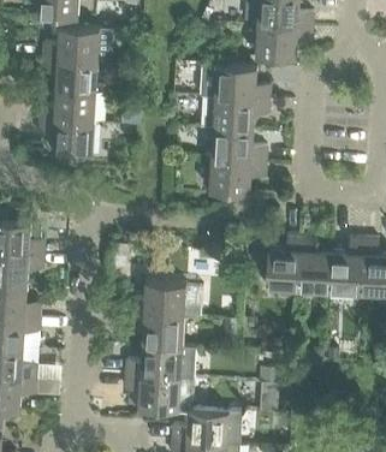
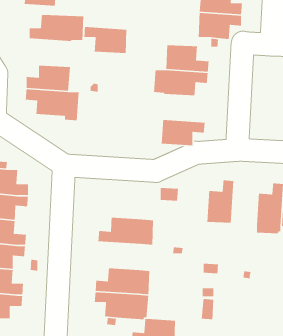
building: [42,60,97,95] -> [83,26,127,54]
building: [212,130,266,165] -> none
building: [298,238,332,295] -> none
building: [129,315,184,350] -> none

